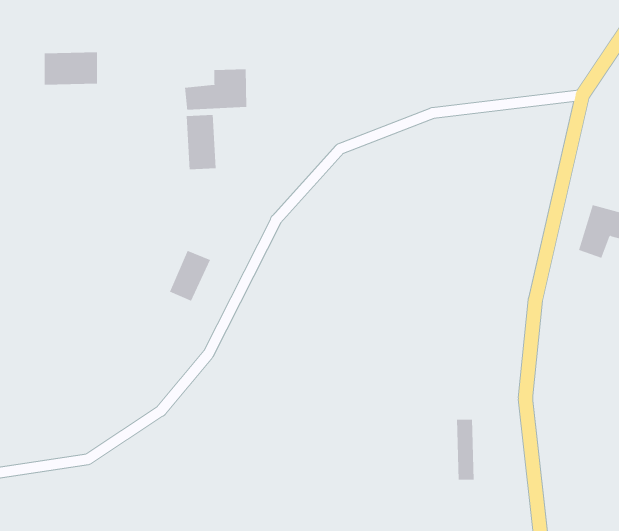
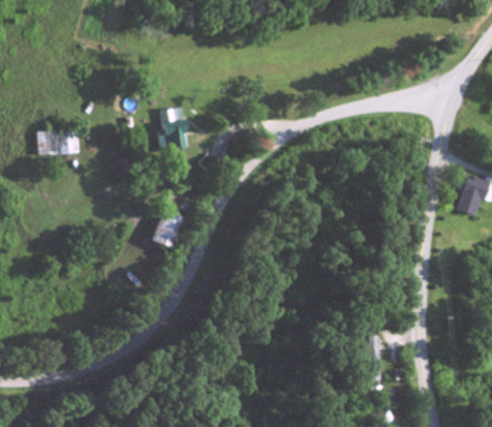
building: [44,52,98,85] -> [38,129,79,154]
building: [184,68,247,110] -> none

